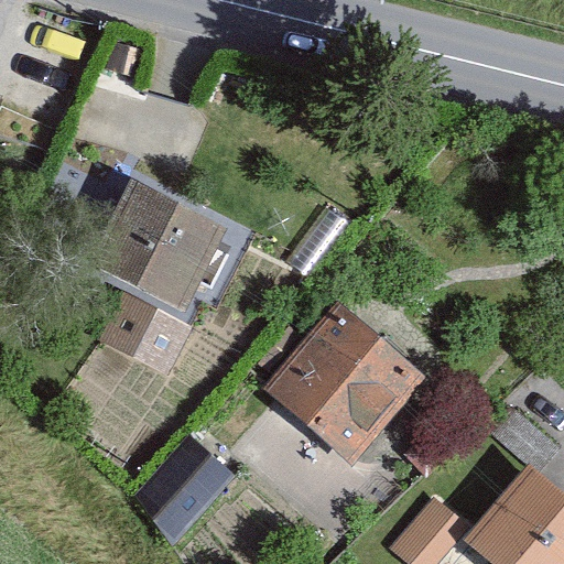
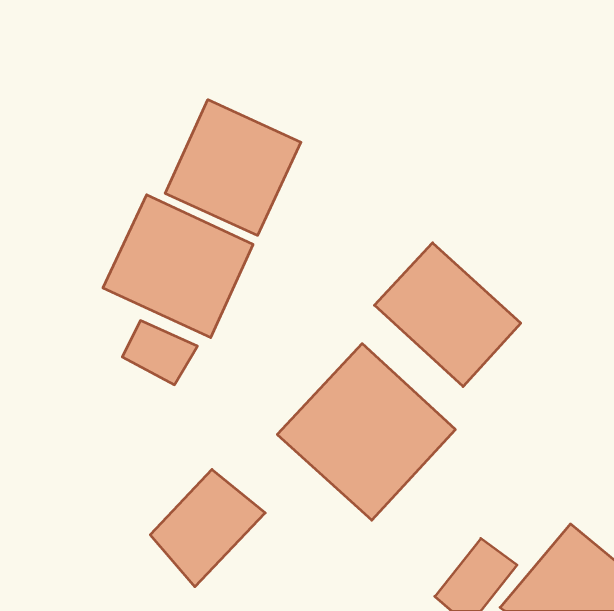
building: none -> [165,100,301,235]
building: none -> [374,243,521,387]

